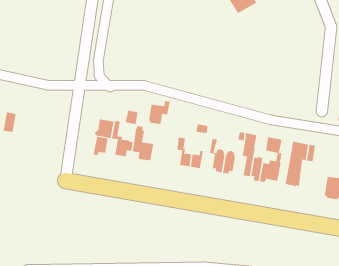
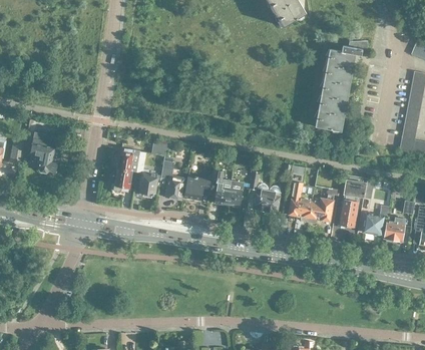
building: none -> [315,40,368,131]
building: [148,101,171,125] -> [185,171,211,200]
building: none -> [31,132,62,172]
building: none -> [364,205,388,235]

